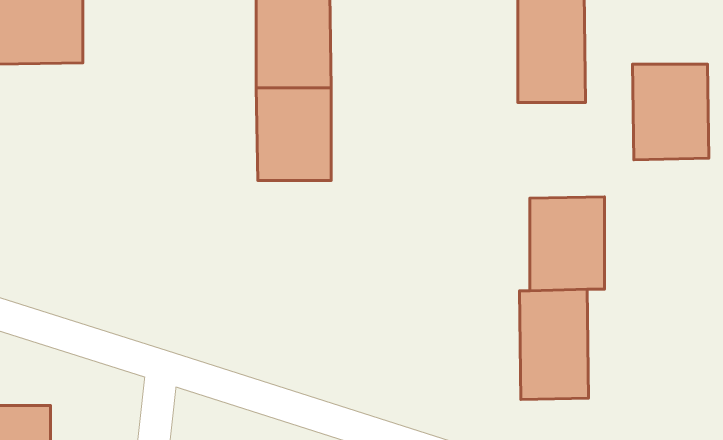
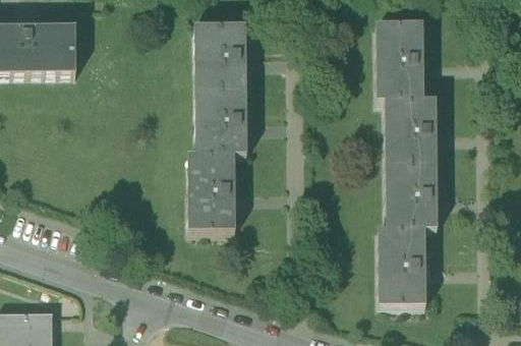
building: [632,64,709,160] -> [383,106,436,172]
building: none -> [187,160,235,237]

